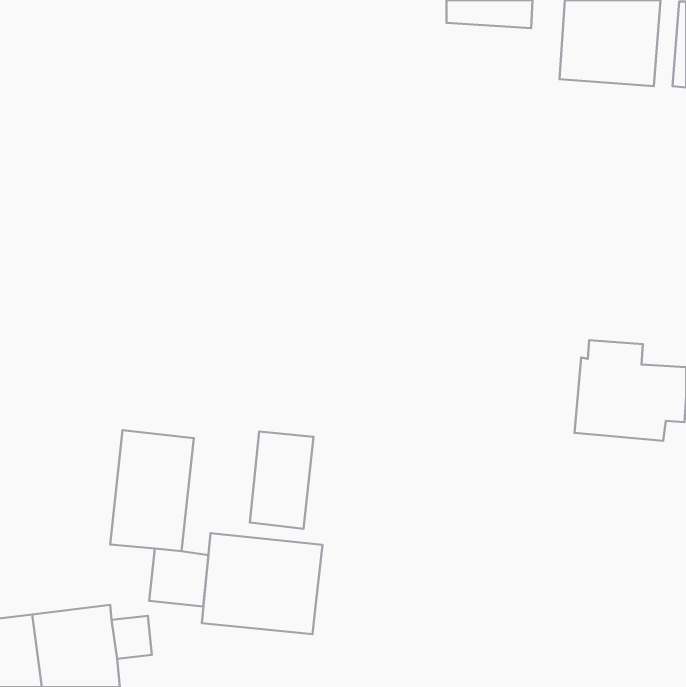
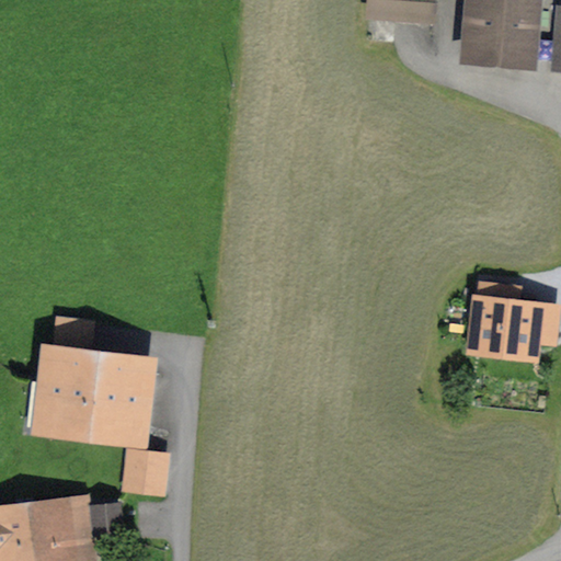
building: none -> [32,312,100,444]
building: [250,431,313,529] -> none
building: [202,533,322,634] -> none

